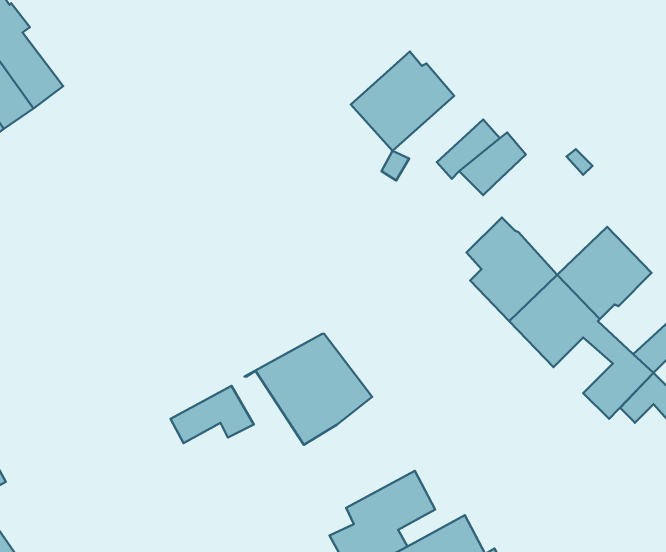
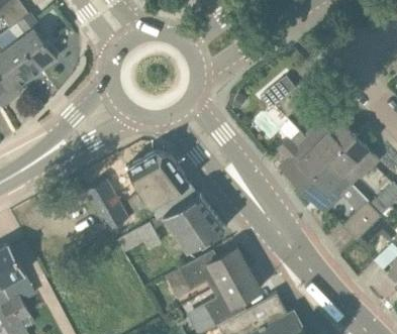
building: [351,51,454,151] -> none
building: none -> [303,117,355,163]
building: none -> [127,152,199,219]
building: none -> [84,181,128,232]
building: none -> [166,249,250,292]

